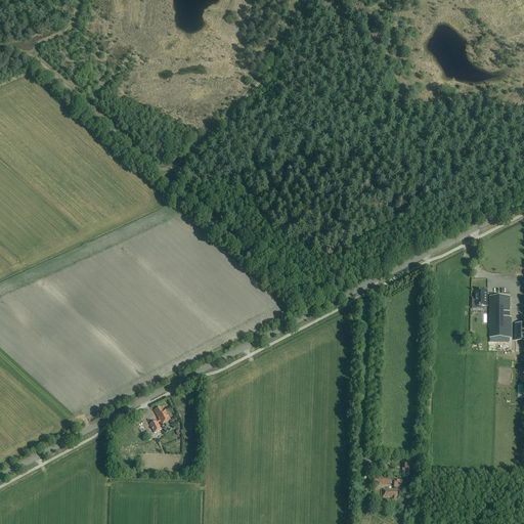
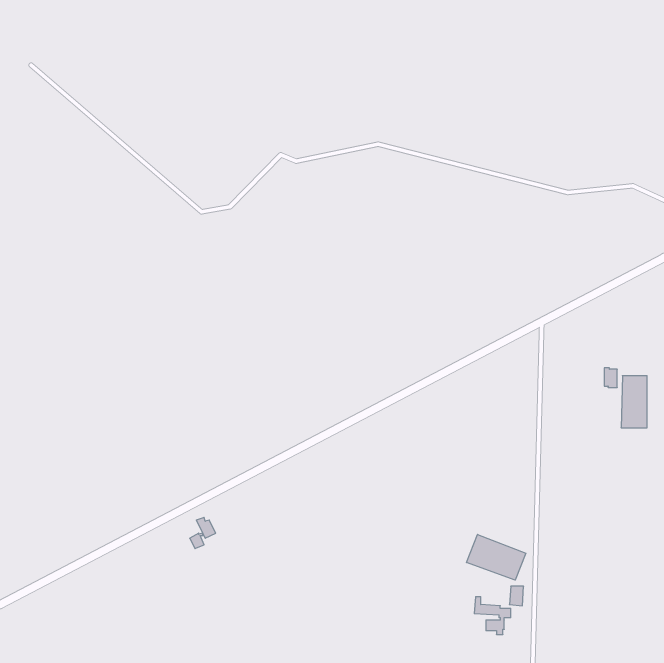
building: none -> [467,534,526,580]

